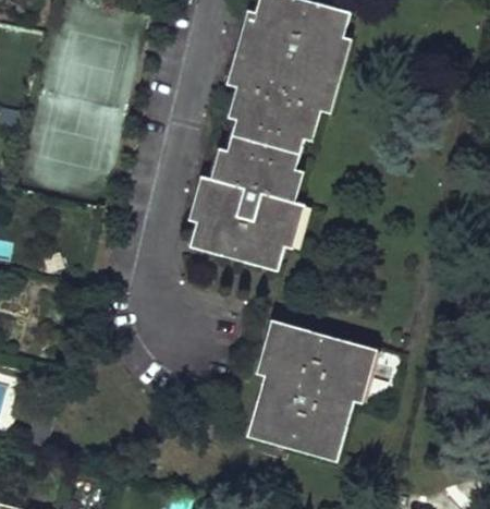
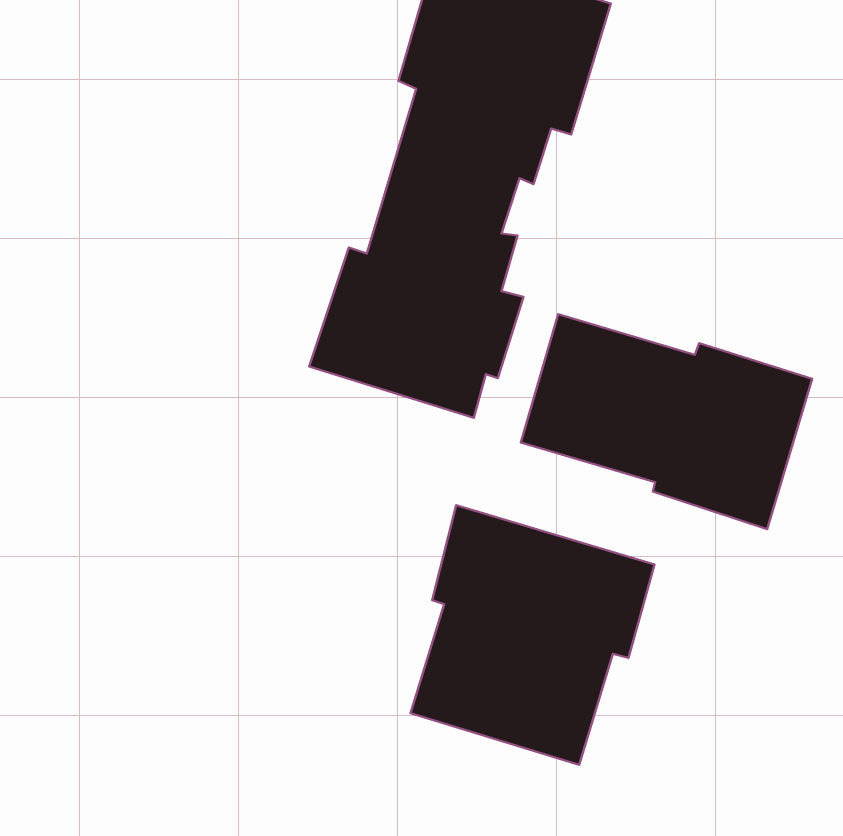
building: none -> [521,314,812,529]

